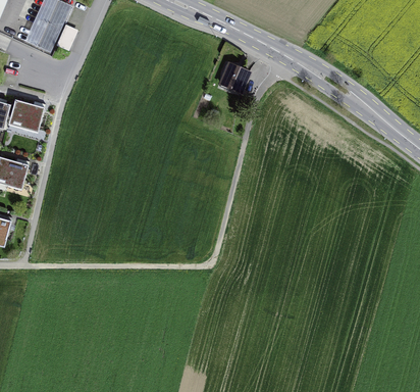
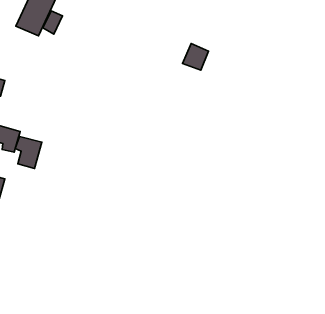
building: [9,100,44,133] -> none
building: none -> [15,136,42,168]

